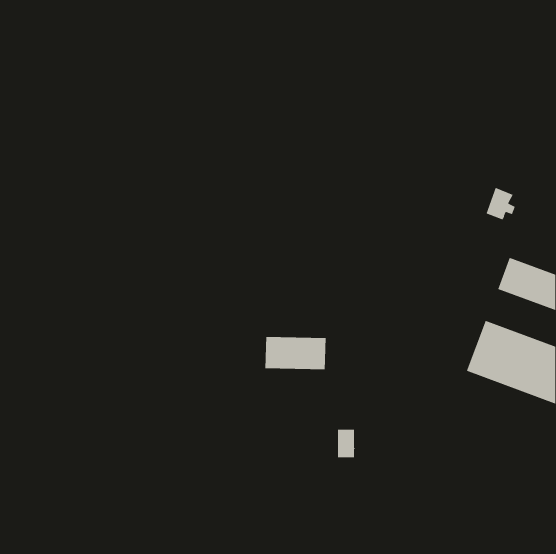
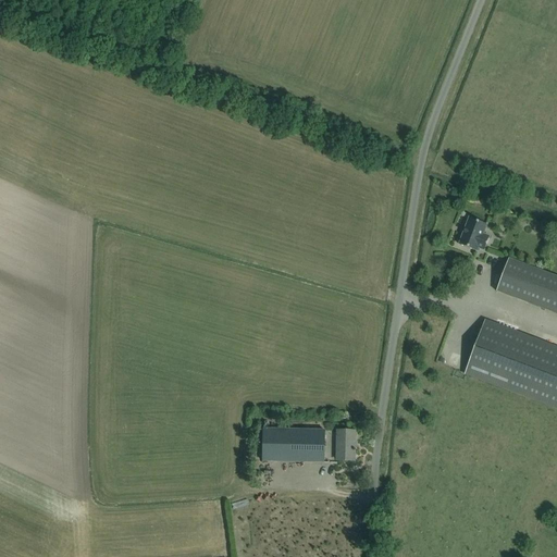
building: [485,187,516,221] -> [459,215,490,249]
building: [264,336,326,370] -> [263,426,325,460]

